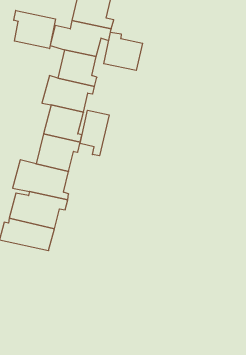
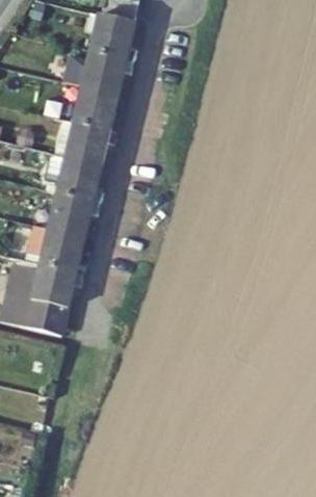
building: [14,10,55,49] -> none
building: [104,32,143,70] -> none
building: [80,110,109,156] -> none

